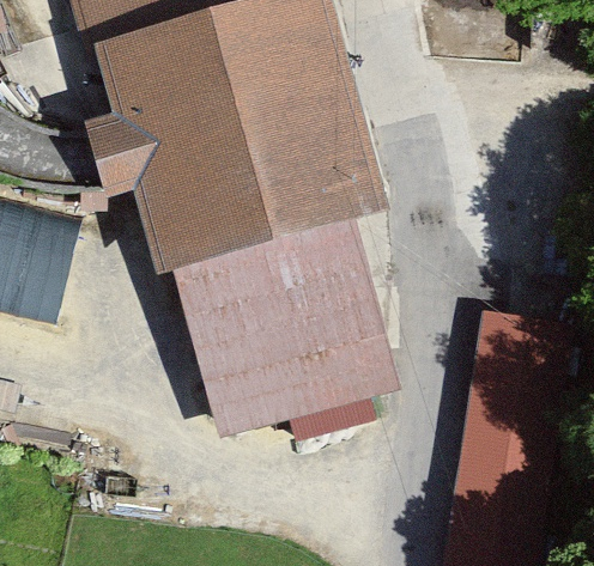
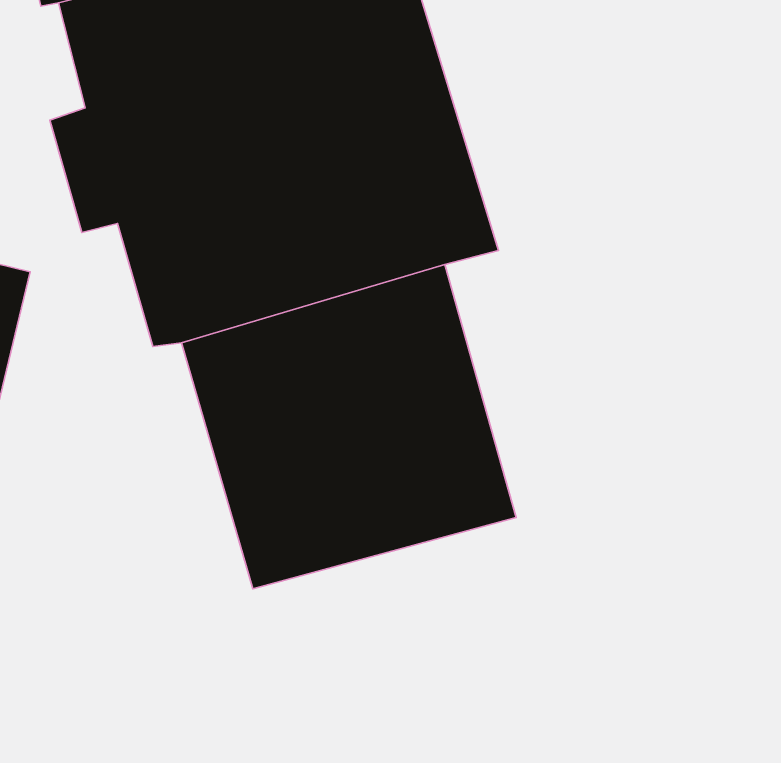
building: [450,329,558,541] -> none

